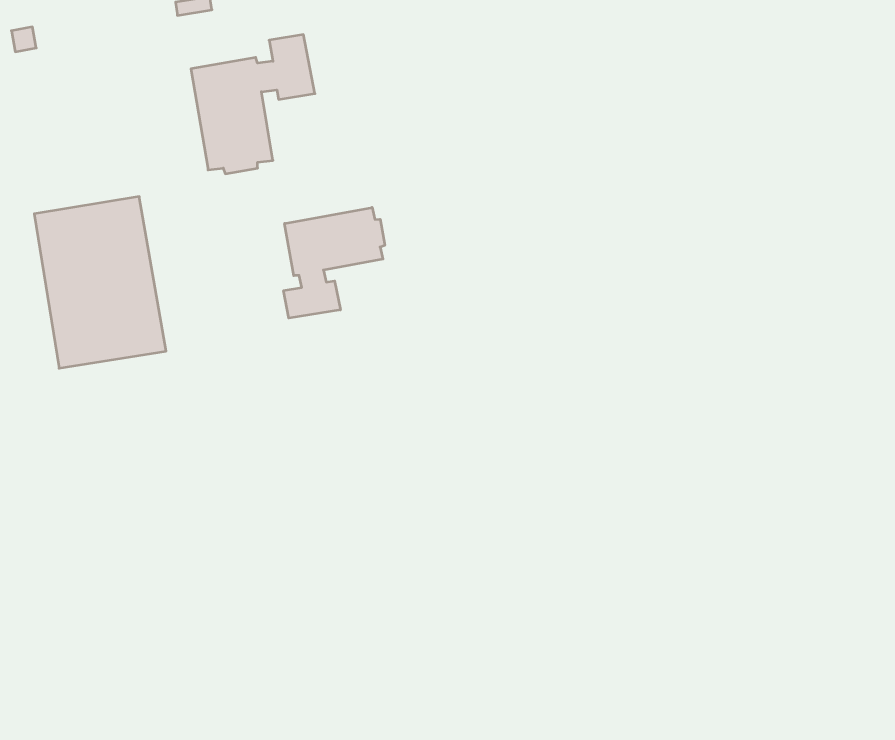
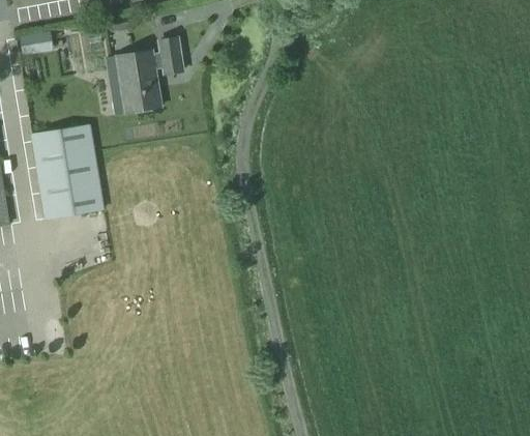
building: [284,207,385,318] -> none

